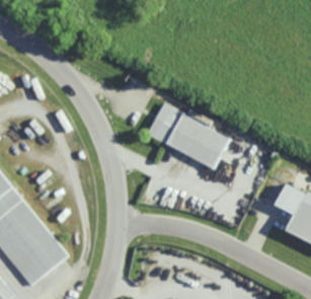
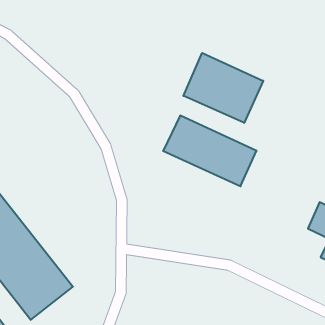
building: none -> [183,53,263,123]

